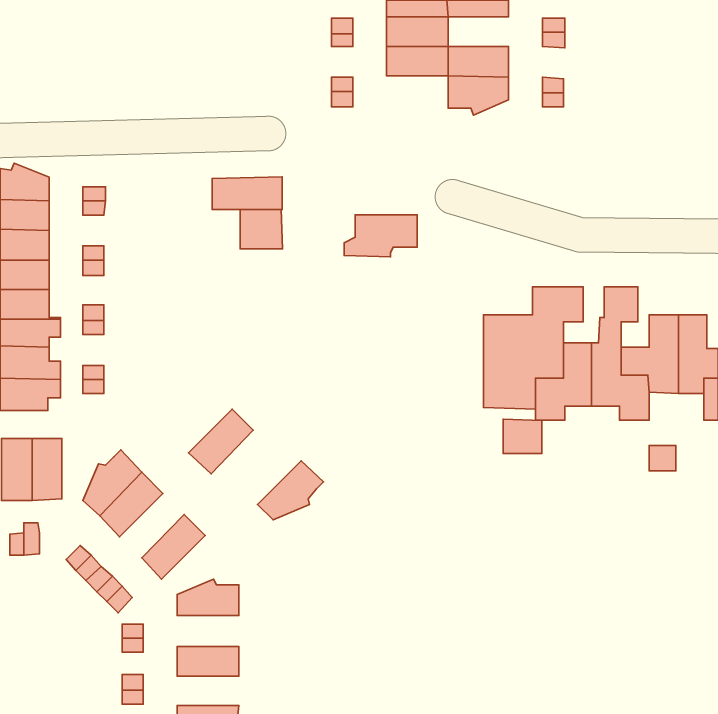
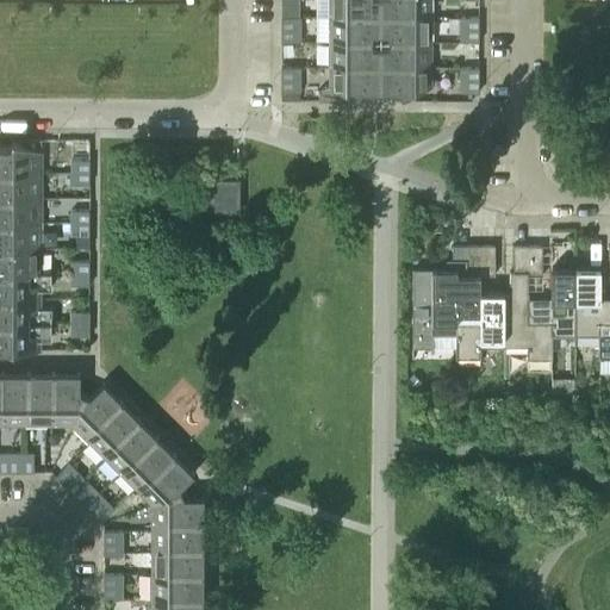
building: none -> [380,18,431,43]
building: [212,177,282,209] -> none
building: [344,215,417,257] -> [318,68,380,104]
building: [189,409,253,474] -> [101,422,156,477]
building: [503,419,542,454] -> none
building: none -> [52,375,83,428]
building: [258,461,324,520] -> [137,458,193,508]
building: none -> [150,525,203,552]
building: none -> [150,577,203,602]

